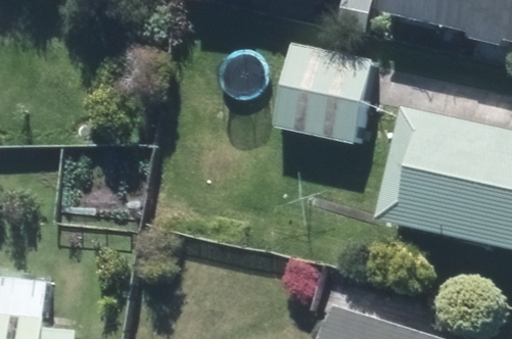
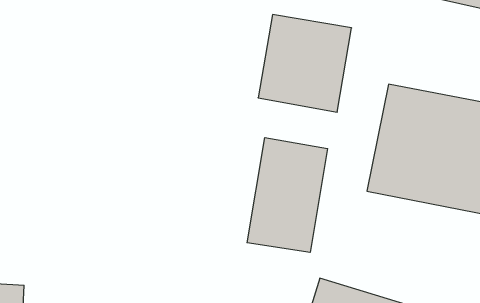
building: none -> [247,138,328,252]

